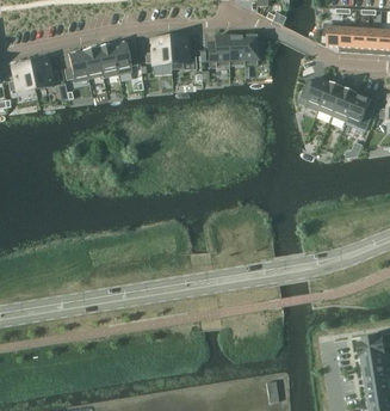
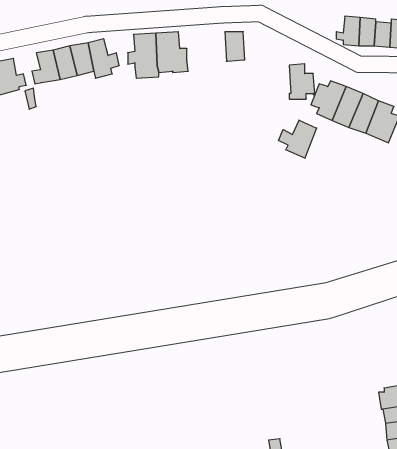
building: [243,33,265,63] -> [289,64,315,99]
building: [208,35,230,65] -> none
building: none -> [279,120,317,158]

